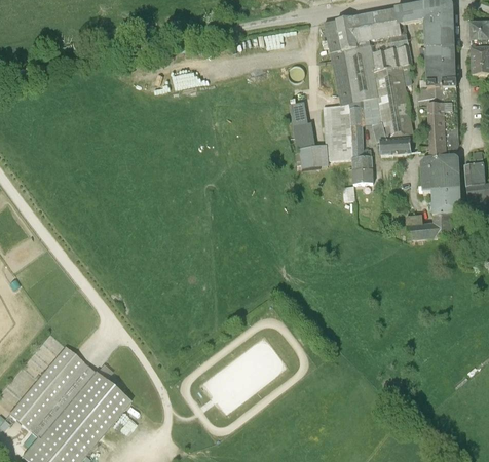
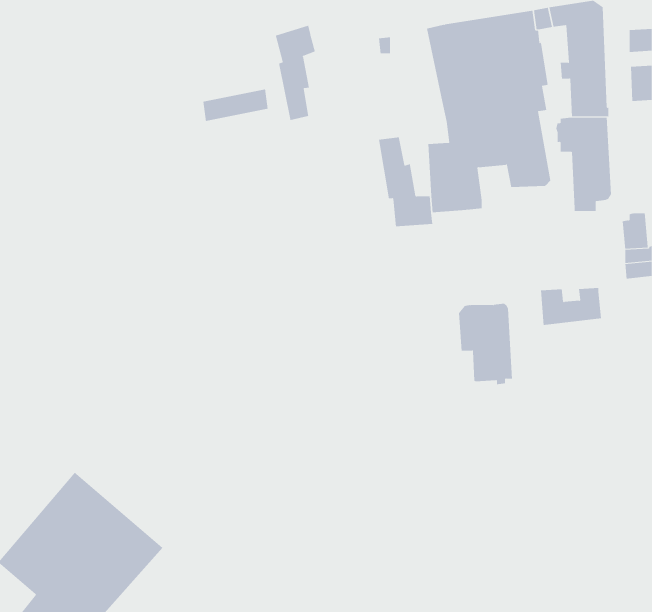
building: none -> [275,25,316,121]
building: [379,137,412,152] -> none
building: [352,147,373,180] -> none
building: [421,154,461,214] -> [458,303,513,385]

